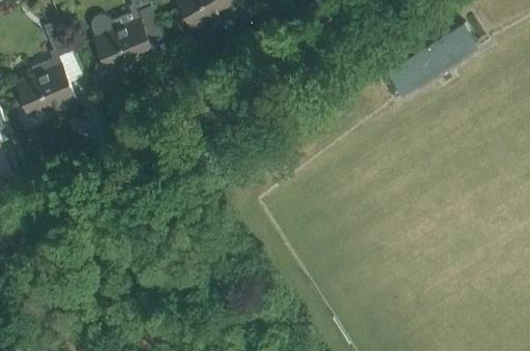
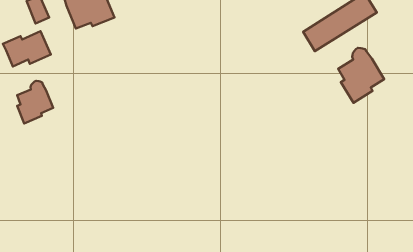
building: none -> [338,48,384,103]
building: none -> [17,81,53,123]

